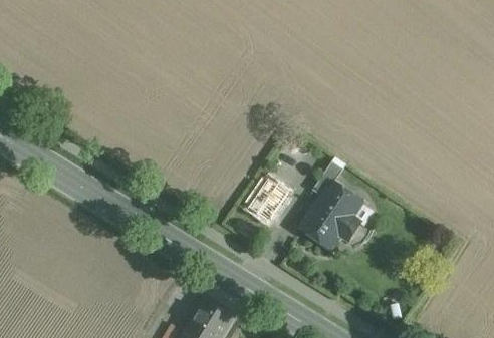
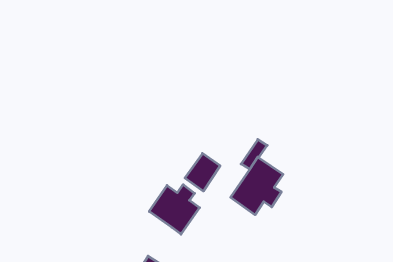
building: none -> [149,185,200,234]

